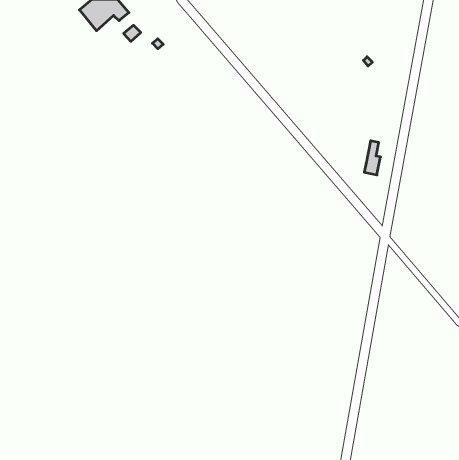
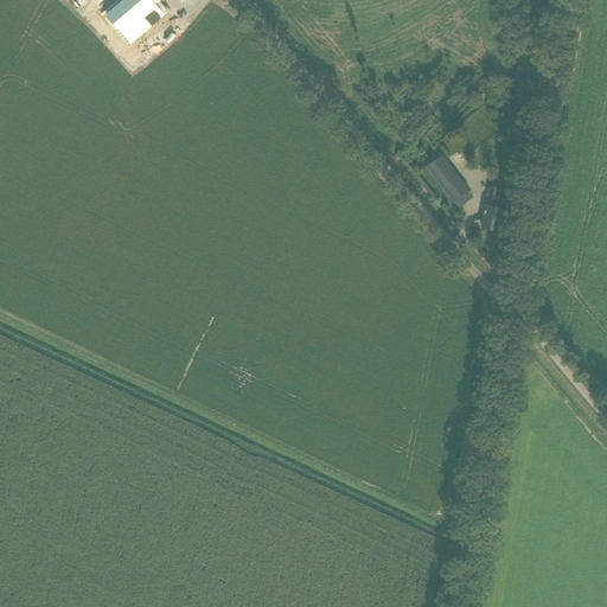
building: none -> [424,154,466,200]

